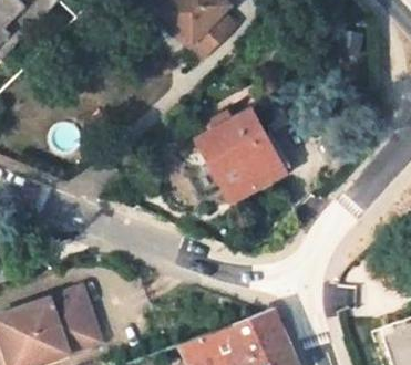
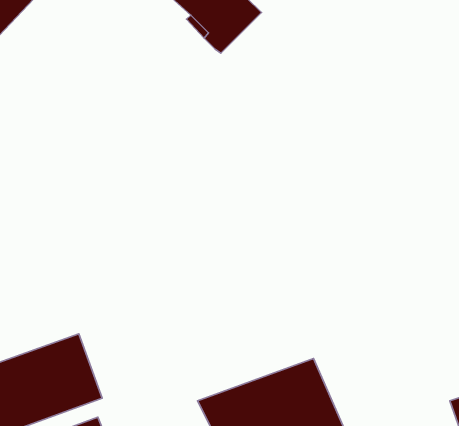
building: [179,111,284,201] -> none

